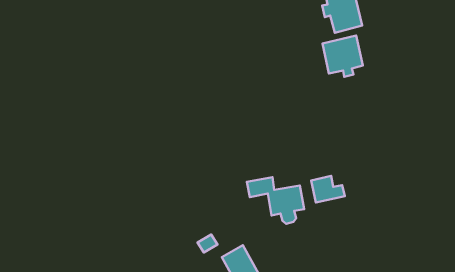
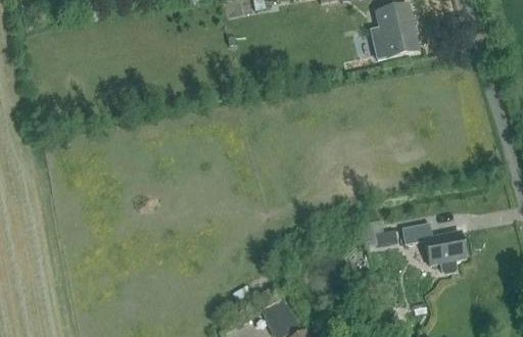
building: [322,35,363,77] -> none
building: [247,177,304,224] -> [401,223,466,275]

